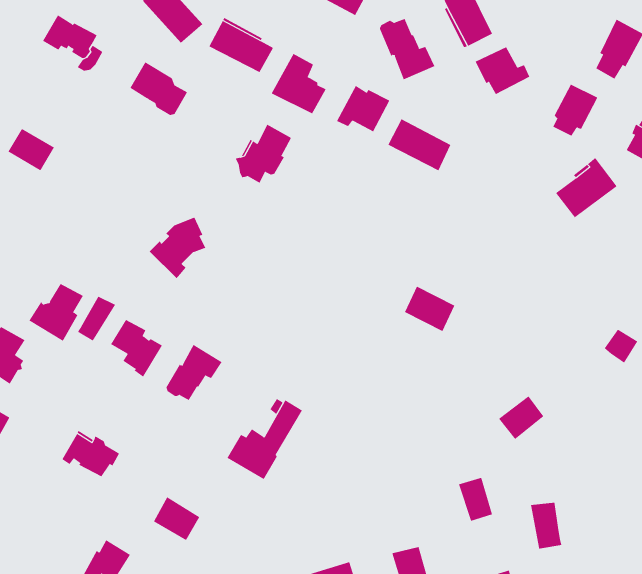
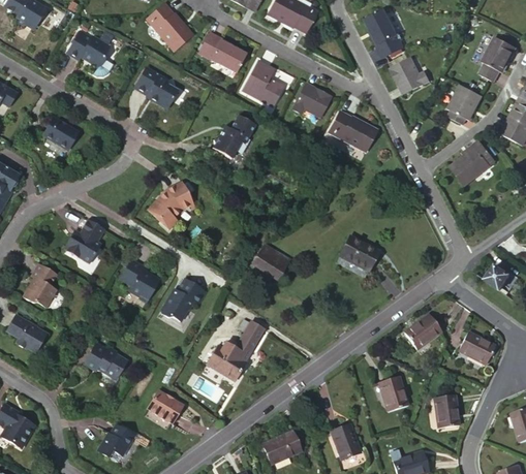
building: [379,18,435,80] -> none
building: [77,296,116,342] -> none
building: none -> [251,243,289,278]
building: none -> [461,336,497,368]

